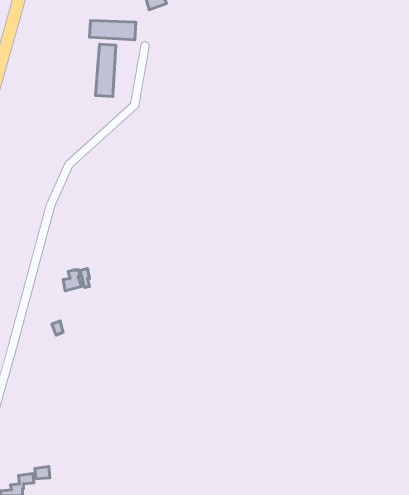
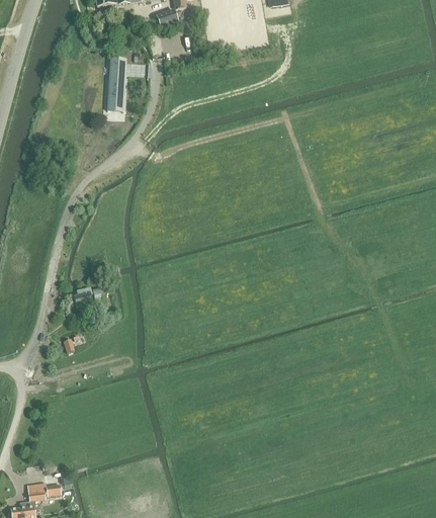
building: [90,21,136,40] -> none

